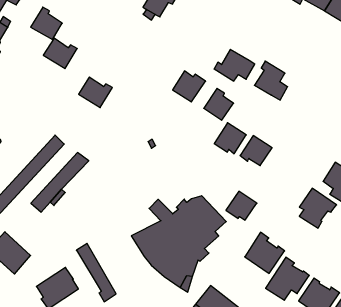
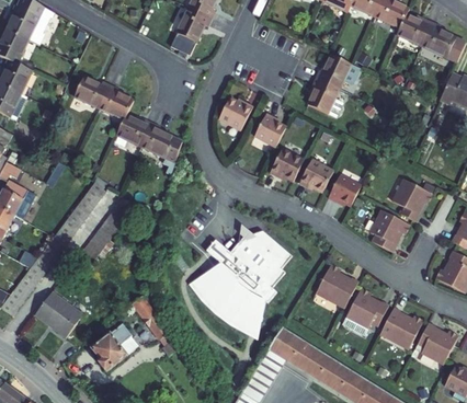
building: [31,7,62,39] -> [99,84,133,118]
building: [214,49,255,81] -> [316,54,360,88]
building: none -> [141,123,182,174]
building: [226,191,257,220] -> [328,174,361,205]

